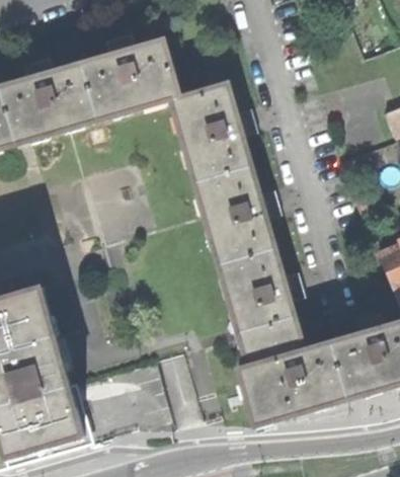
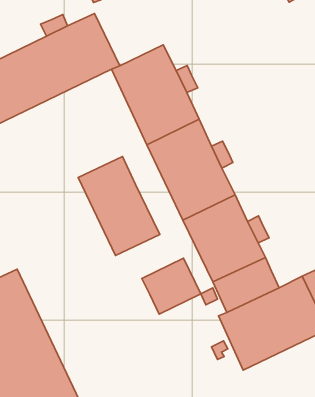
building: none -> [78,156,160,256]
building: none -> [142,258,201,314]

